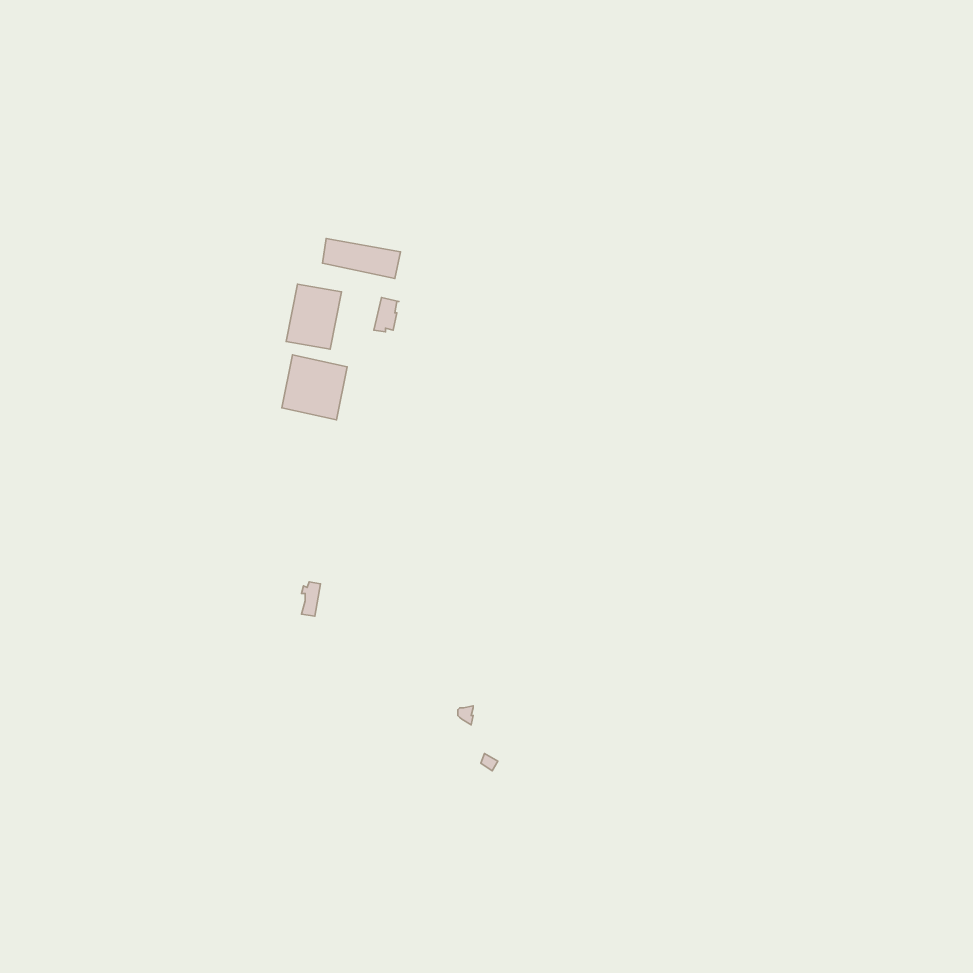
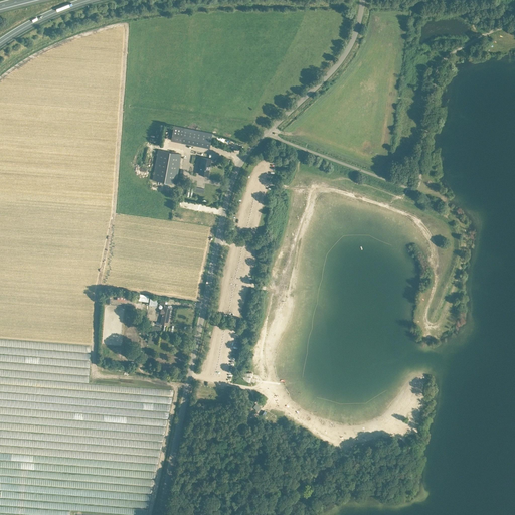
building: [282,355,347,420] -> none

